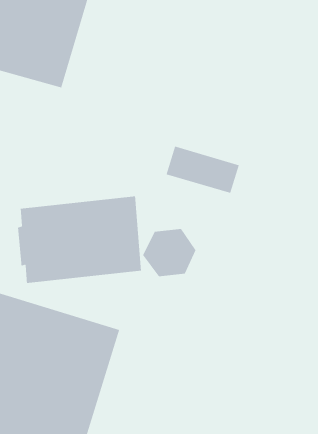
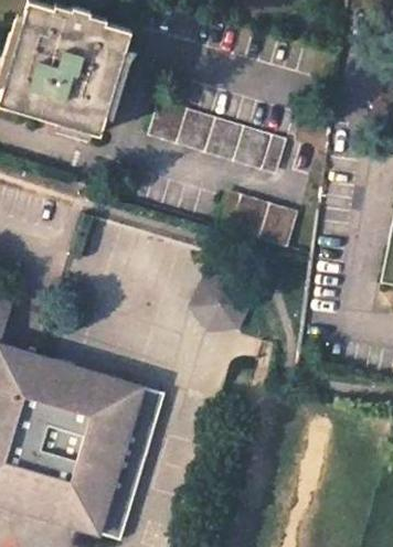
building: none -> [147,98,285,171]
building: [17,195,142,284] -> none

